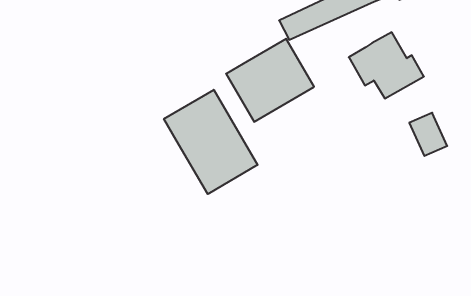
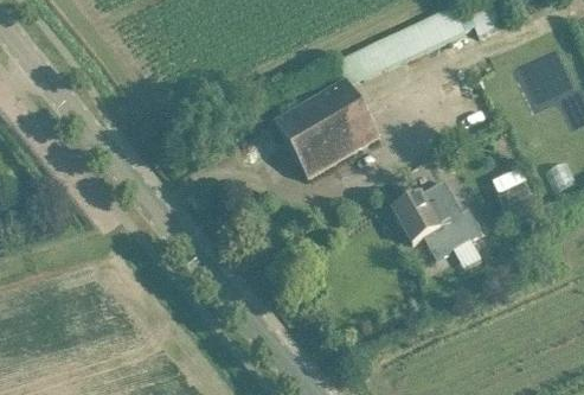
building: [349,32,424,98] -> [393,179,482,257]
building: [164,90,258,194] -> none

